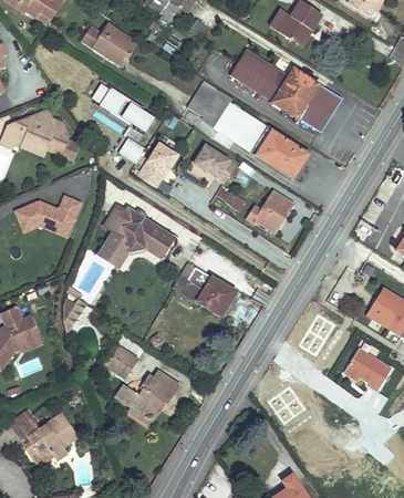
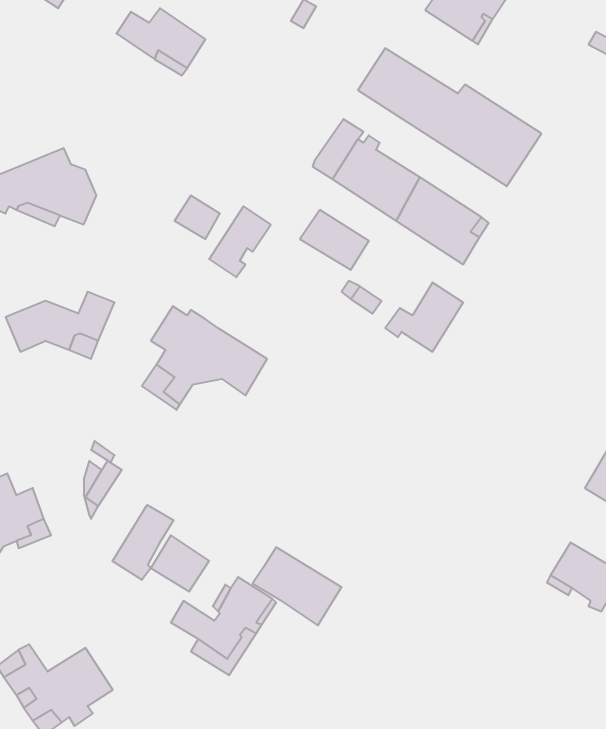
building: [188,80,220,115] -> none
building: [89,83,155,133] -> none
building: [180,267,235,314] -> [253,547,342,625]
building: none -> [112,505,174,580]

